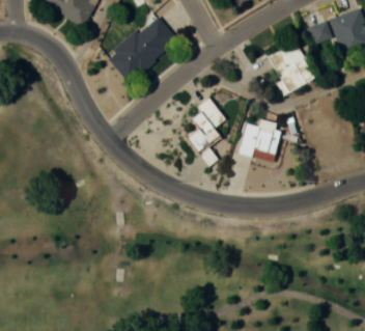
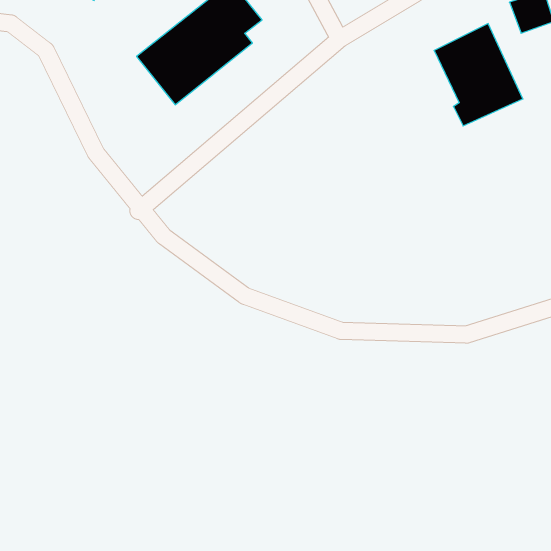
building: [188,96,226,165] -> none
building: [240,119,282,158] -> none

